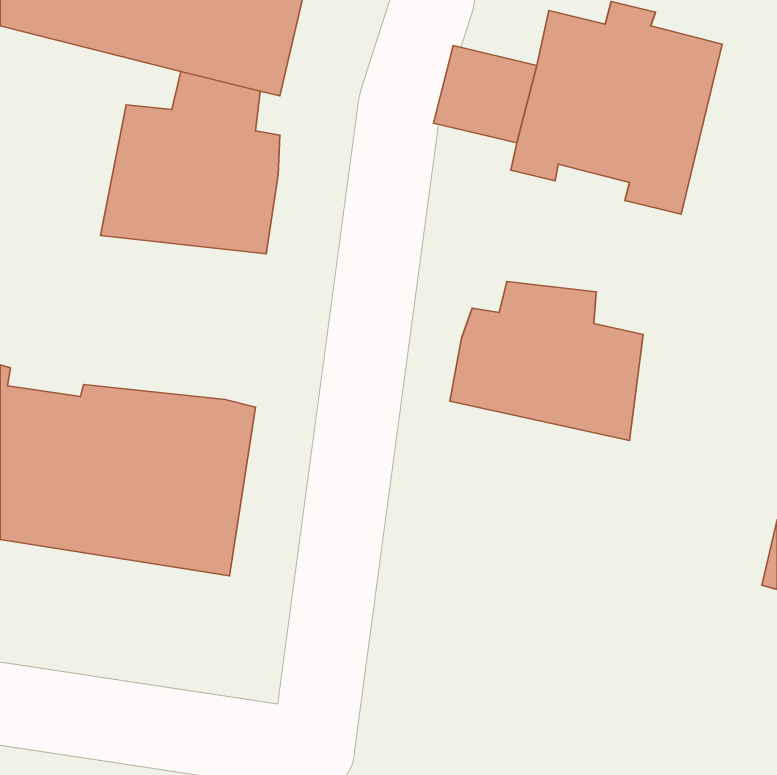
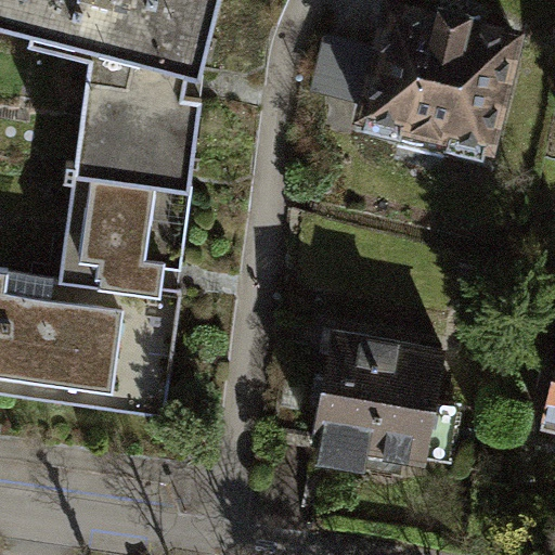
building: none -> [60,168,190,285]
building: [450,281,643,441] -> none
building: none -> [317,328,440,452]

